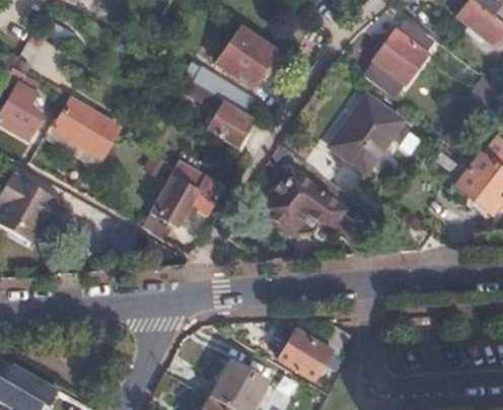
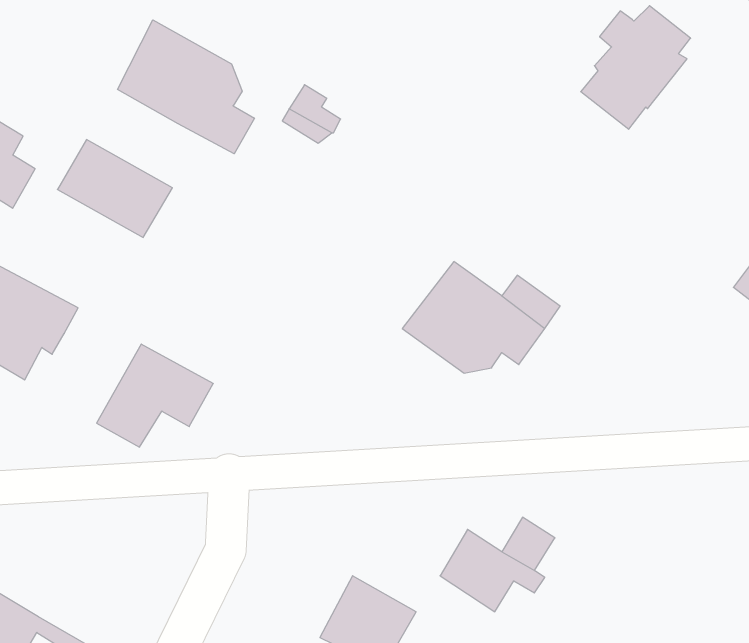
building: [215,24,277,86] -> none
building: none -> [118,20,254,154]
building: [330,95,404,173] -> none
building: [211,104,255,148] -> none
building: [154,164,223,225] -> [97,344,213,447]

